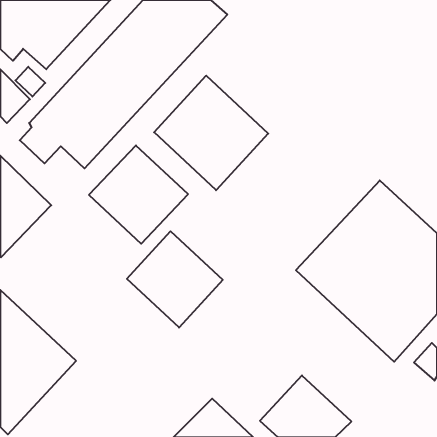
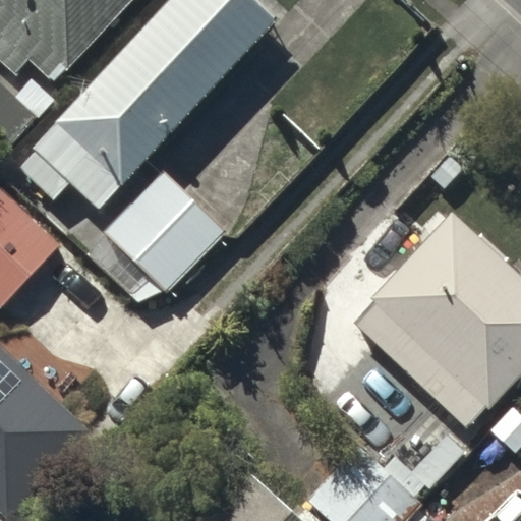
building: [154,76,268,190] -> none
building: [127,231,223,328] -> none

